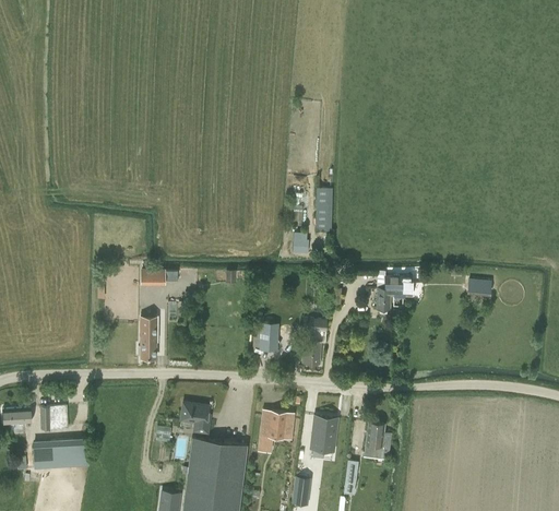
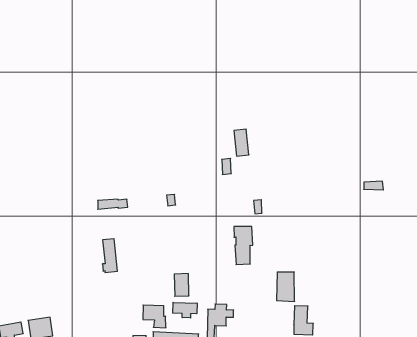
building: [376,272,411,314] -> none
building: [259,322,278,350] -> [174,274,189,296]
building: none -> [173,302,197,318]
building: [312,415,337,453] -> [277,272,295,301]

